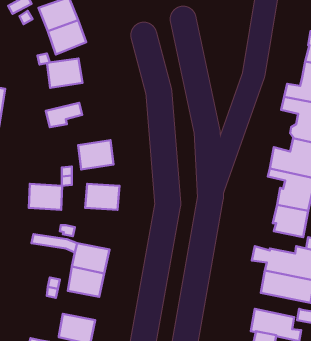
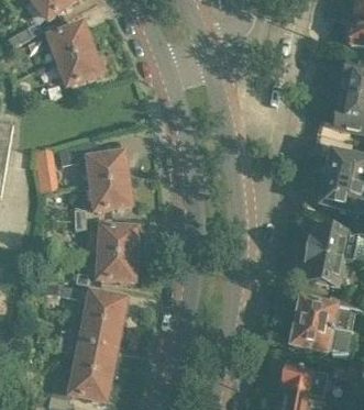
building: [46,59,82,88] -> [87,153,126,185]
building: none -> [36,152,59,188]
building: [29,184,62,210] -> [98,253,134,281]
building: none -> [75,343,114,375]

